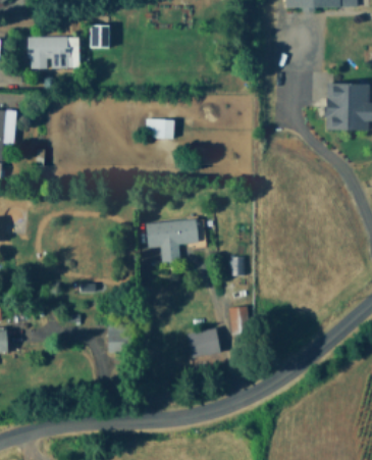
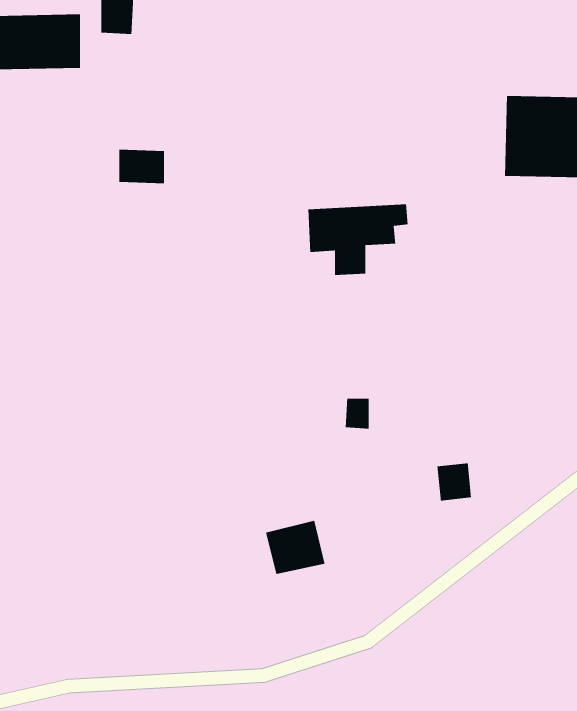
building: [148,118,174,139] -> [119,149,165,184]
building: [147,219,205,261] -> [308,203,409,276]
building: [230,306,251,328] -> [436,462,472,501]

